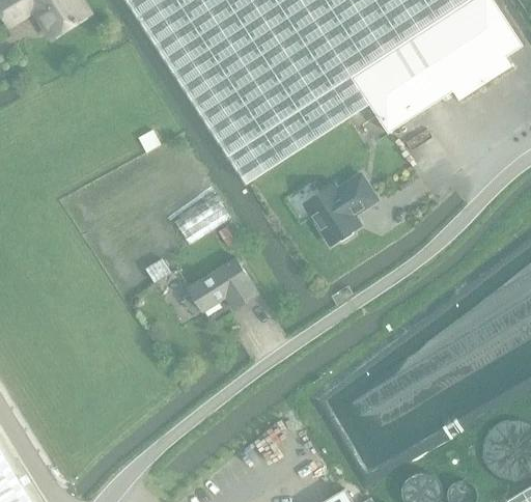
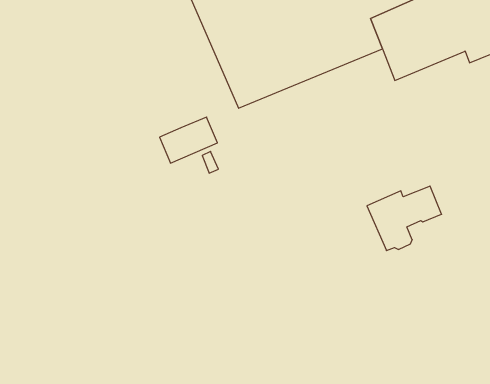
building: [303,175,375,244] -> [367,186,442,251]
building: [183,258,257,313] -> none

